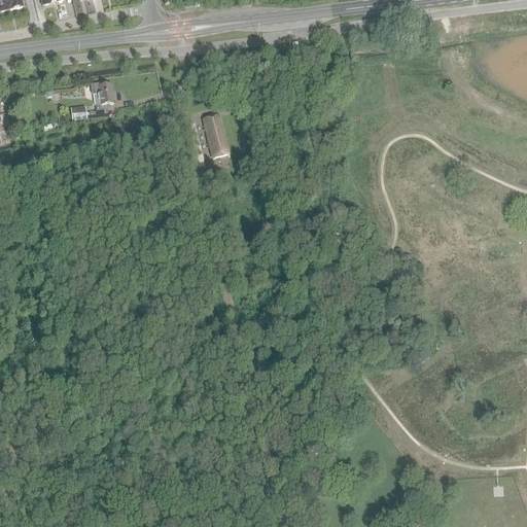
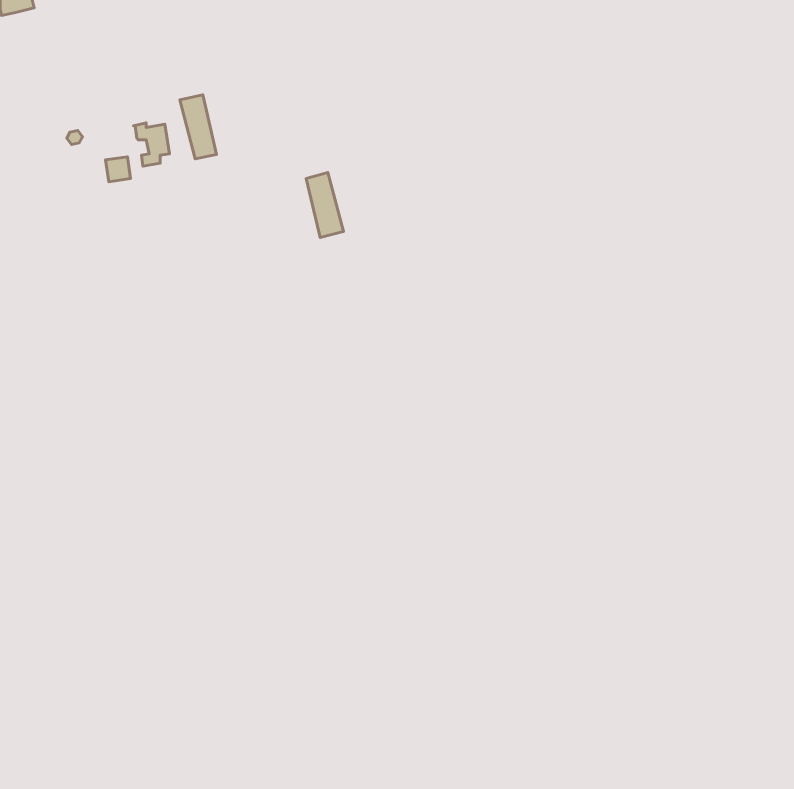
building: none -> [180,95,217,159]

